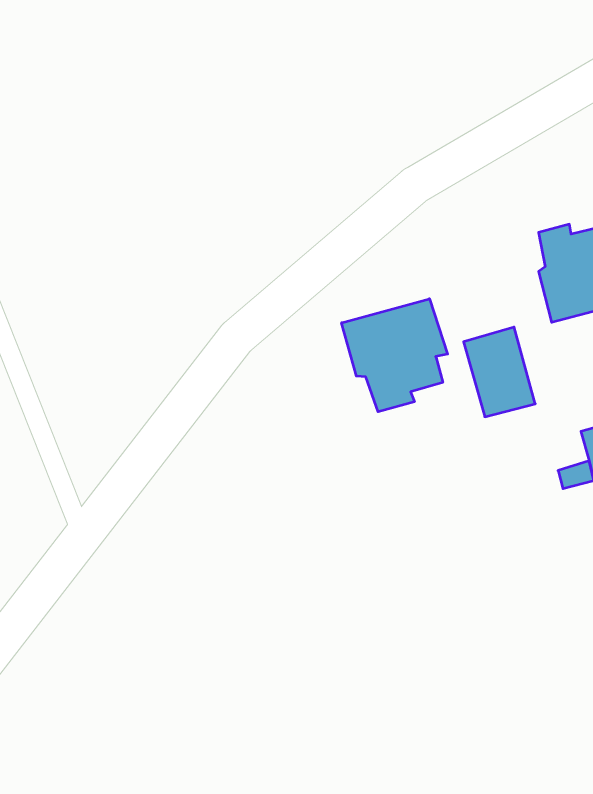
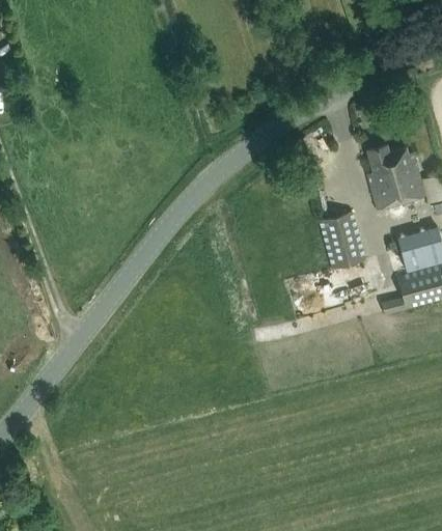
building: [342,299,448,412] -> none

